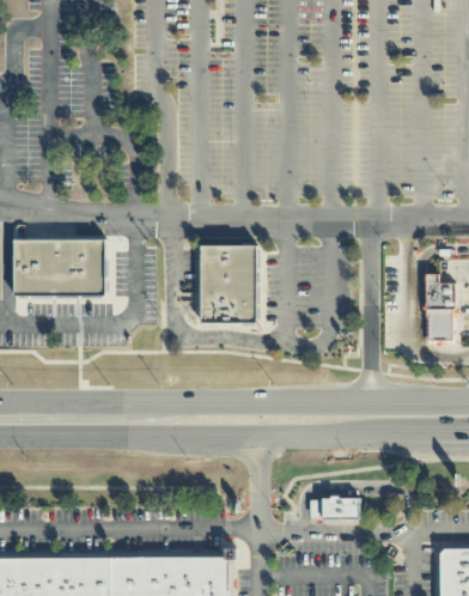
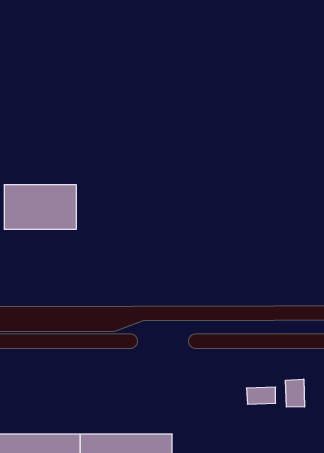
building: [200,245,257,326] -> none
building: none -> [286,379,305,407]

